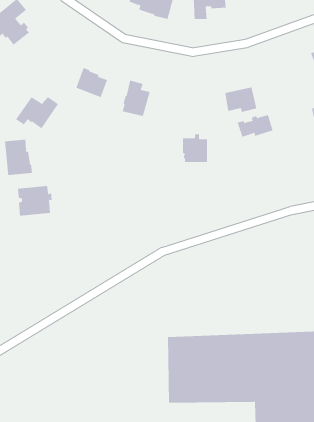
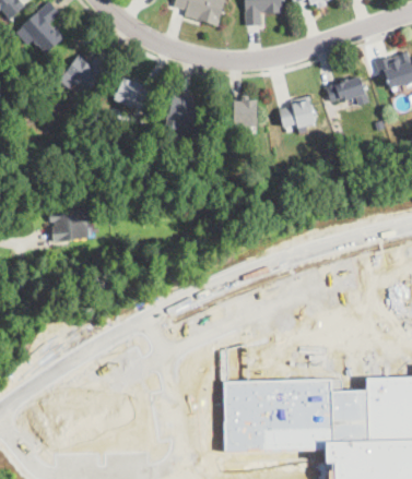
building: [15,96,59,129] -> [61,58,109,94]
building: [237,115,273,137] -> [327,79,367,104]
building: [182,134,208,162] -> [229,97,258,129]
building: [5,139,33,176] -> none

